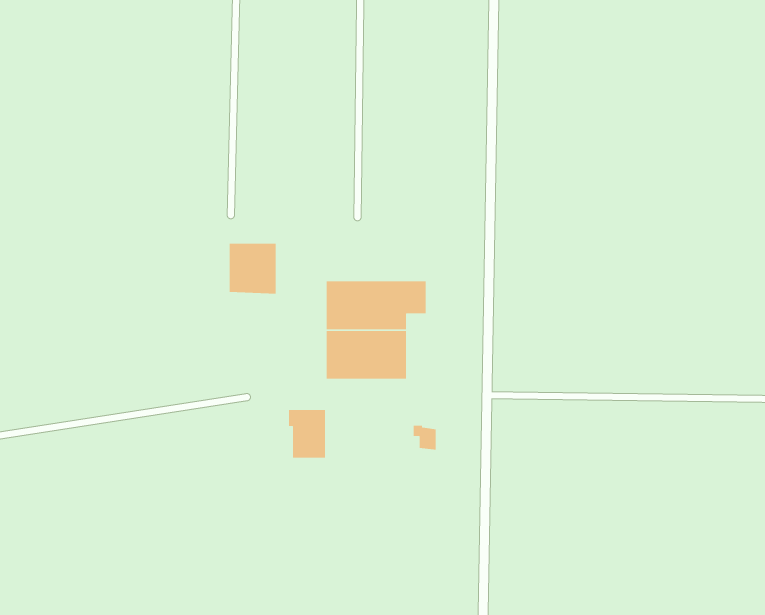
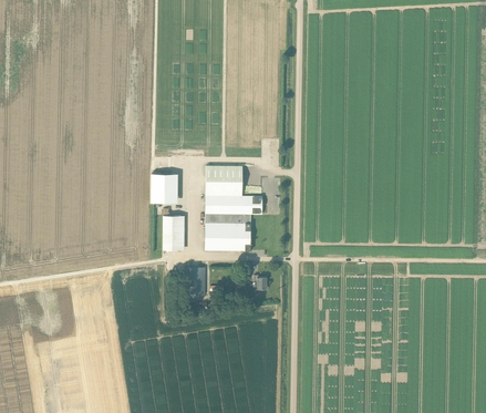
building: none -> [205,165,241,195]
building: none -> [162,216,184,251]

